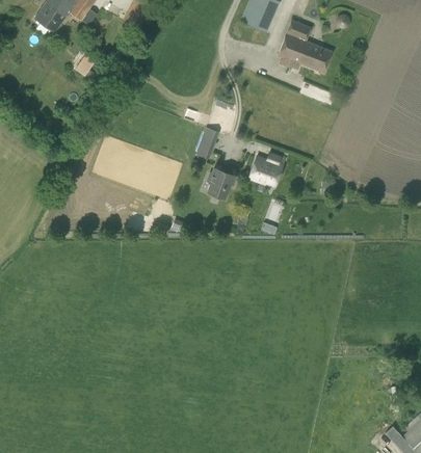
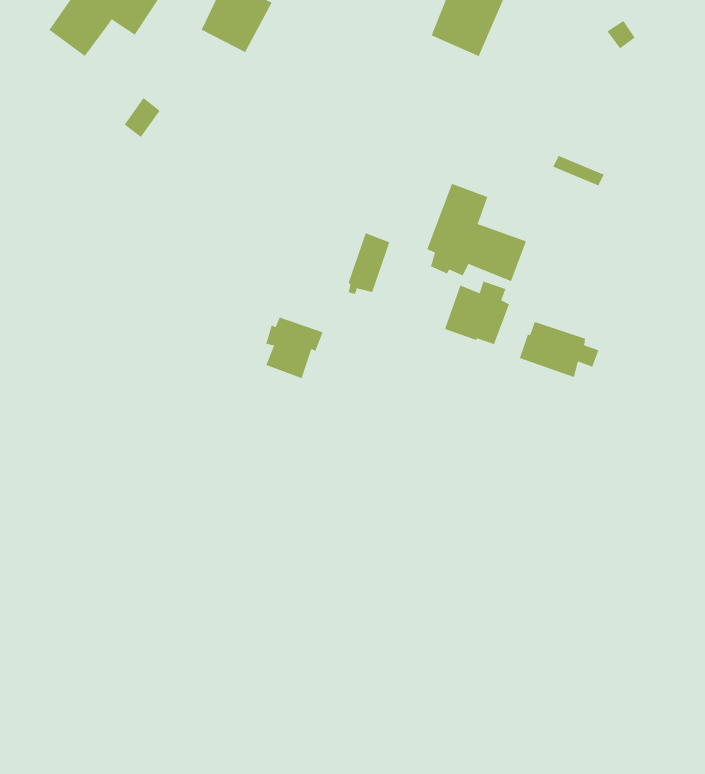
building: [278,19,332,72] -> [426,183,527,282]
building: [206,166,237,199] -> [266,317,323,379]
building: none -> [519,321,599,378]

